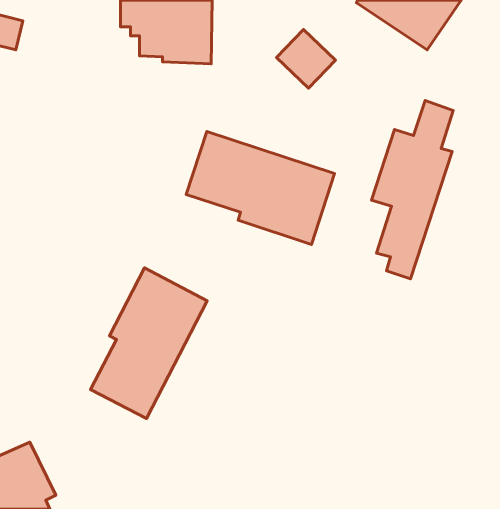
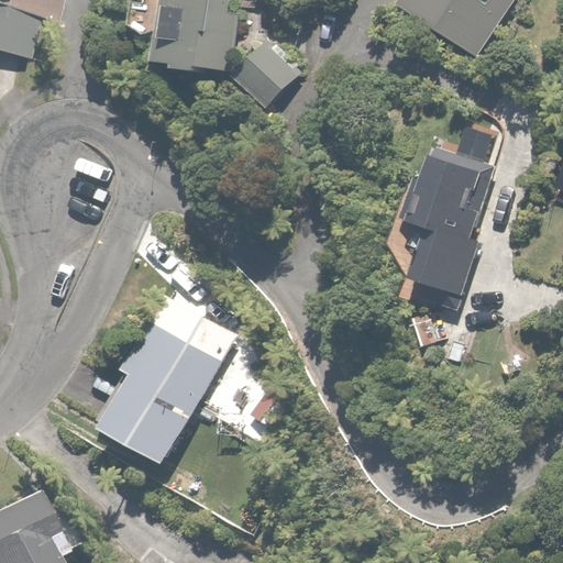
building: [277,29,335,88] -> [235,41,300,106]
building: [186,131,334,244] -> none

